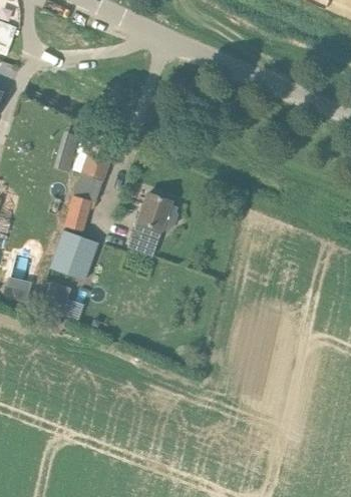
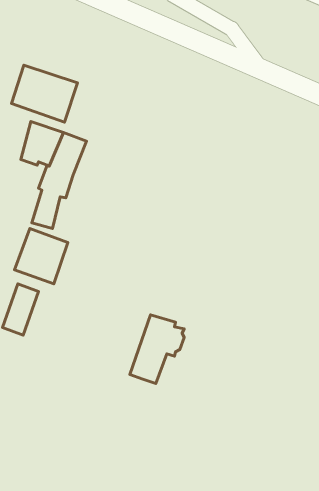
building: none -> [11,65,78,122]
building: [128,193,179,257] -> [130,315,184,383]

